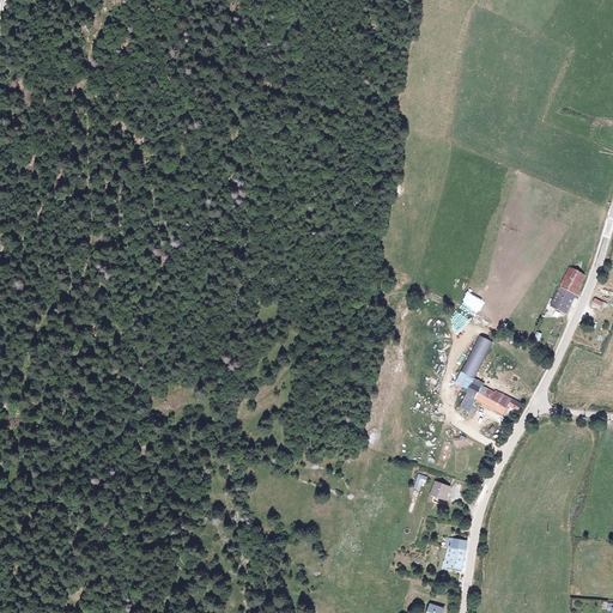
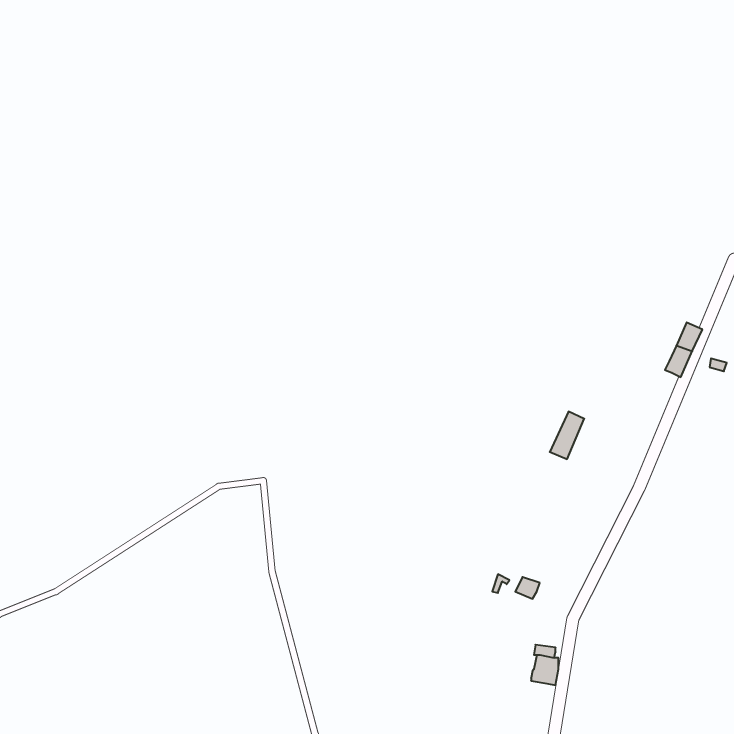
building: [472,386,521,415] -> none

